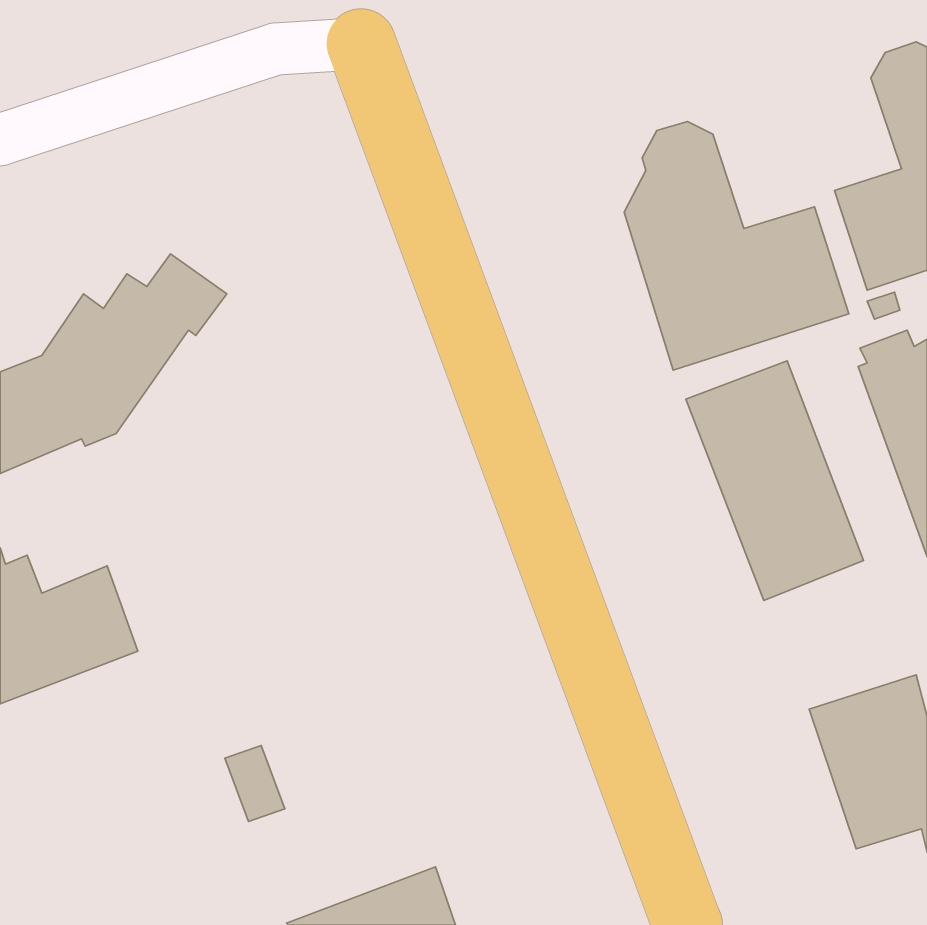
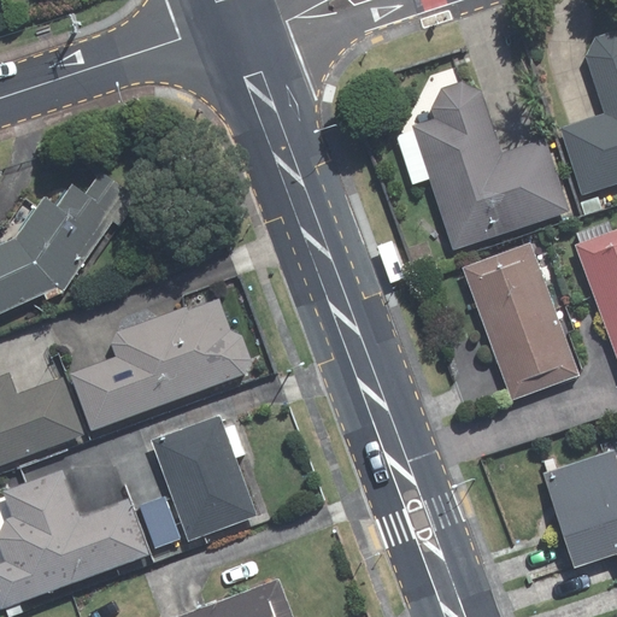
building: none -> [82,295,260,428]
building: none -> [161,413,268,540]
building: none -> [7,469,159,600]

